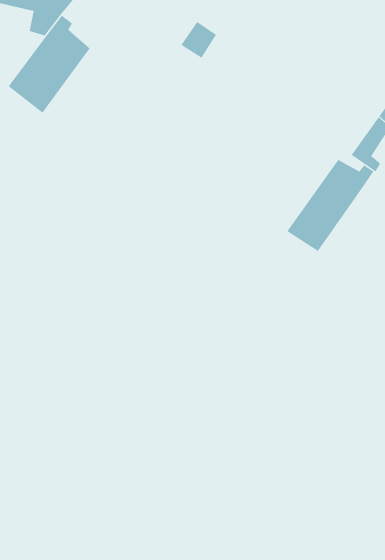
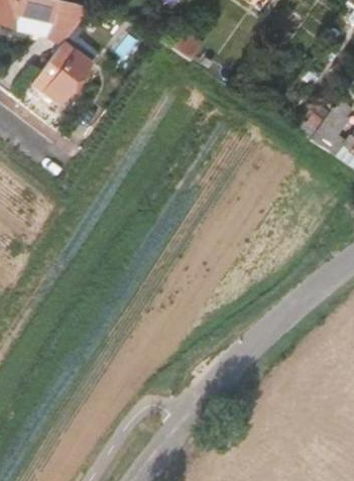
building: [287,159,374,252] -> none

